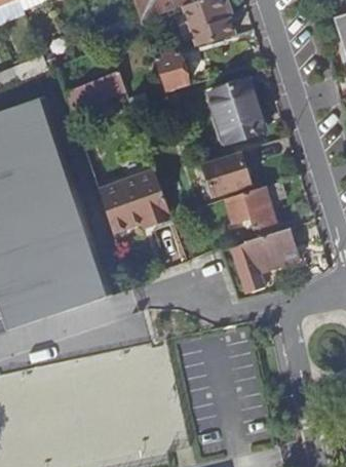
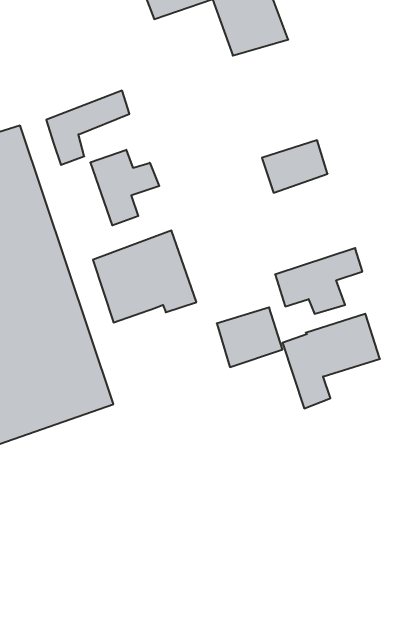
building: [153,52,187,93] -> none
building: [208,82,256,119] -> none
building: none -> [90,150,159,225]
building: [202,155,248,197] -> [217,307,282,367]

